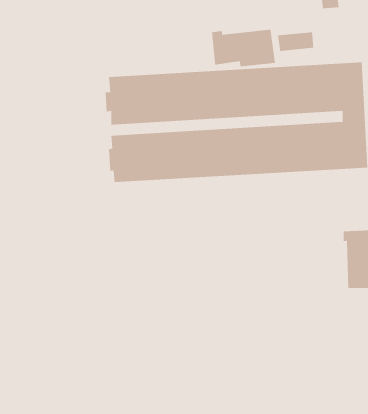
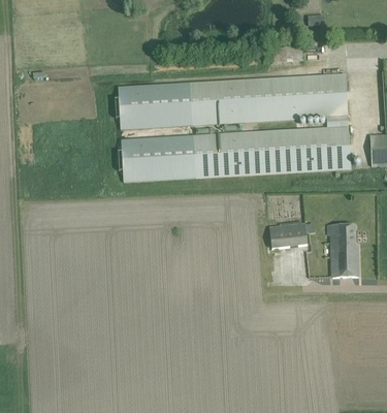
building: [211,29,276,67] -> none
building: none -> [269,222,308,248]

